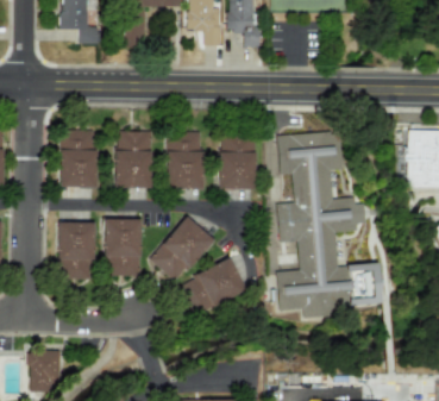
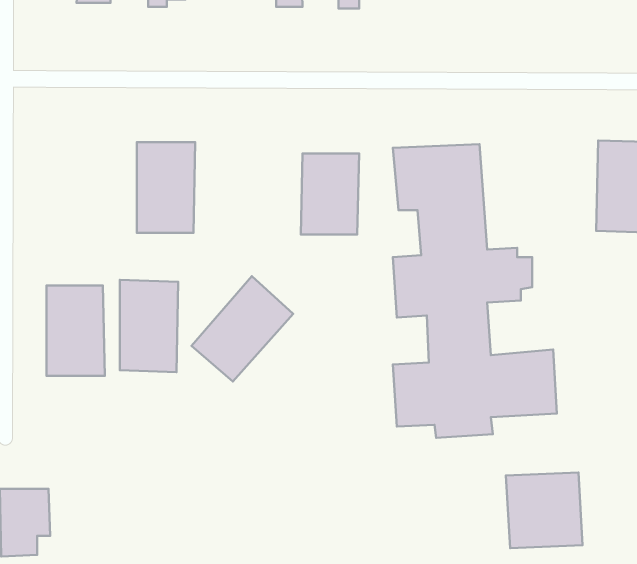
building: [59,129,98,188] -> none
building: [167,132,203,189] -> none
building: [180,258,246,314] -> none
building: none -> [506,472,583,548]

